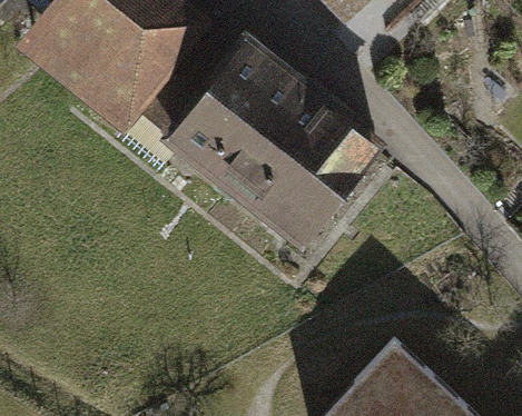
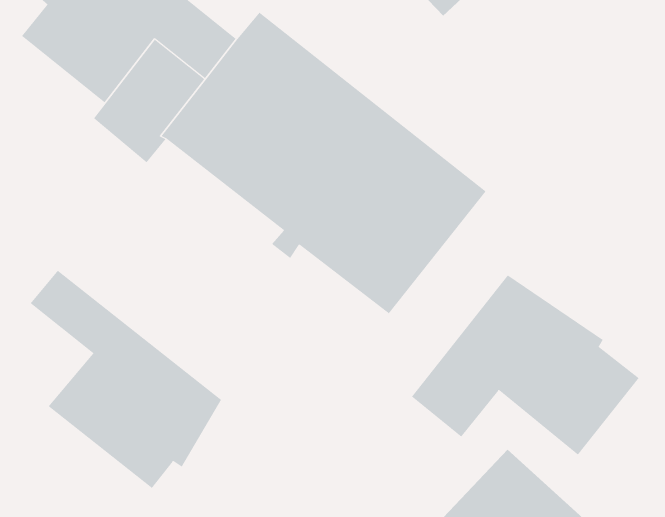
building: none -> [30,270,222,489]
building: none -> [411,274,639,455]

